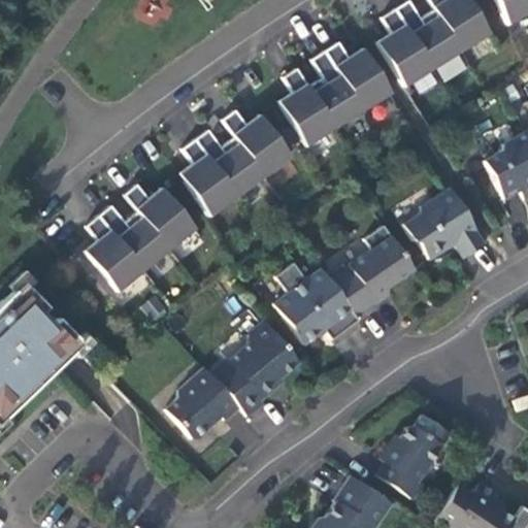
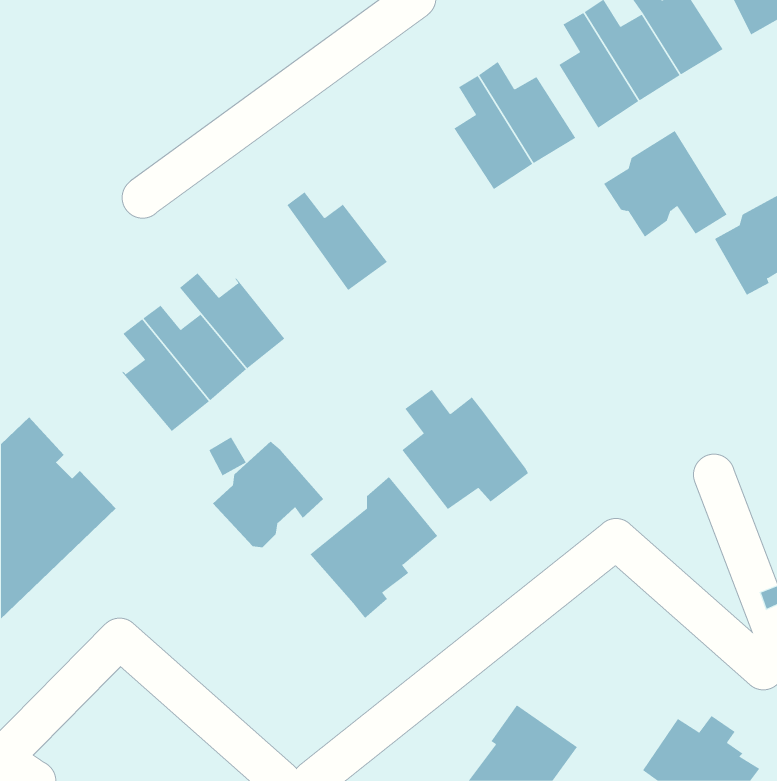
building: [279,67,336,146] -> none
building: [223,109,292,176] -> none
building: [180,138,238,216] -> none
building: [403,187,487,259] -> [603,130,727,238]
building: [330,225,416,315] -> none
building: [166,367,241,439] -> [212,441,324,548]
building: [380,425,443,498] -> none

